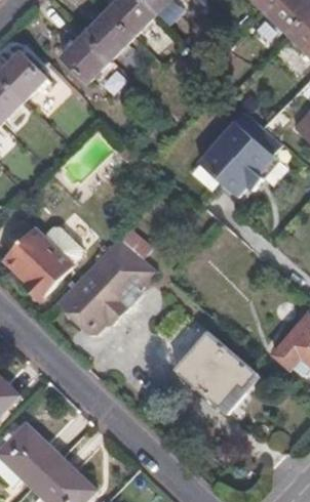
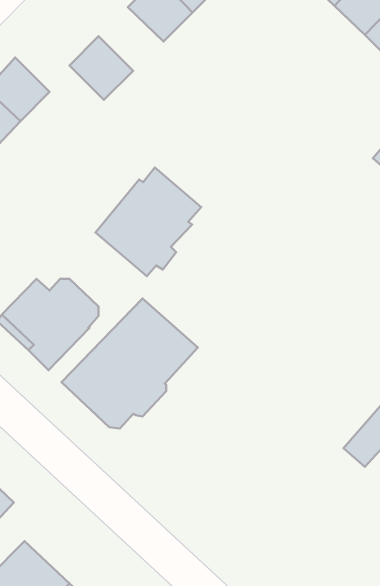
building: [83,12,133,61] -> none
building: [199,112,281,196] -> [95,167,201,276]
building: [175,332,257,411] -> none

